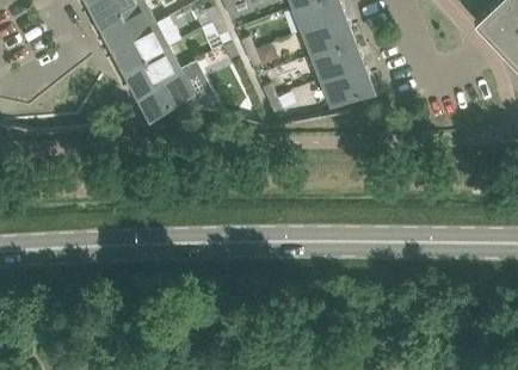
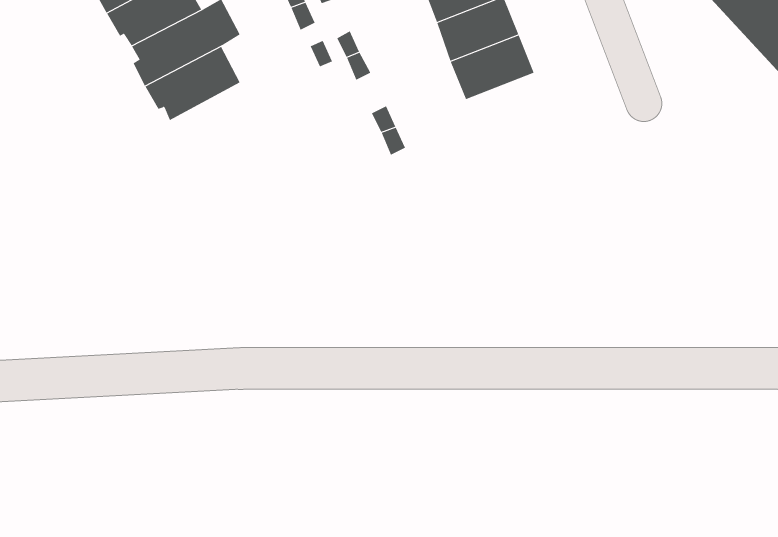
building: [320,64,372,106] -> none
building: [136,66,196,118] -> none

